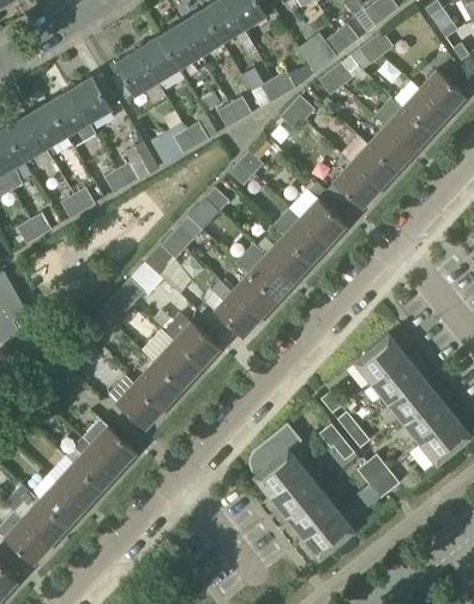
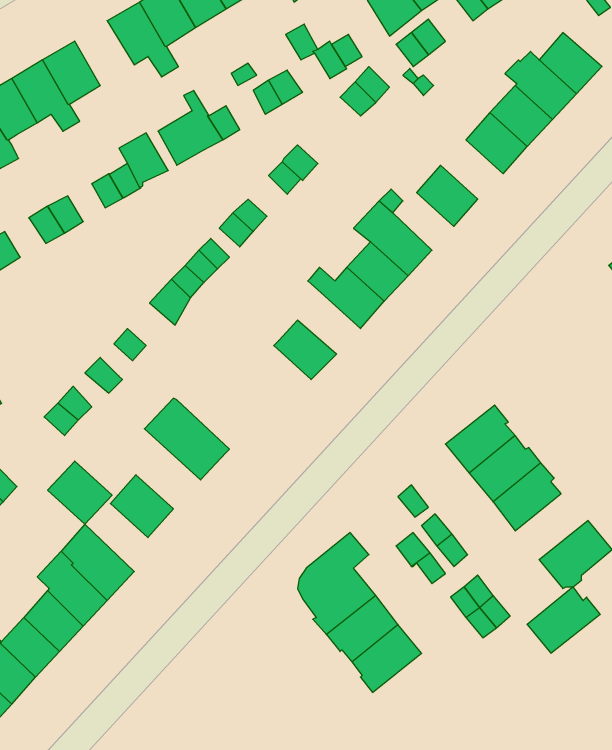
building: [350,146,395,189] -> none
building: [236,241,294,298] -> none
building: [206,280,259,335] -> none
building: [164,312,220,365] -> none
building: [136,363,181,407] -> [48,461,112,524]
building: [403,396,455,443] -> [527,587,600,653]
building: [302,509,354,558] -> none

